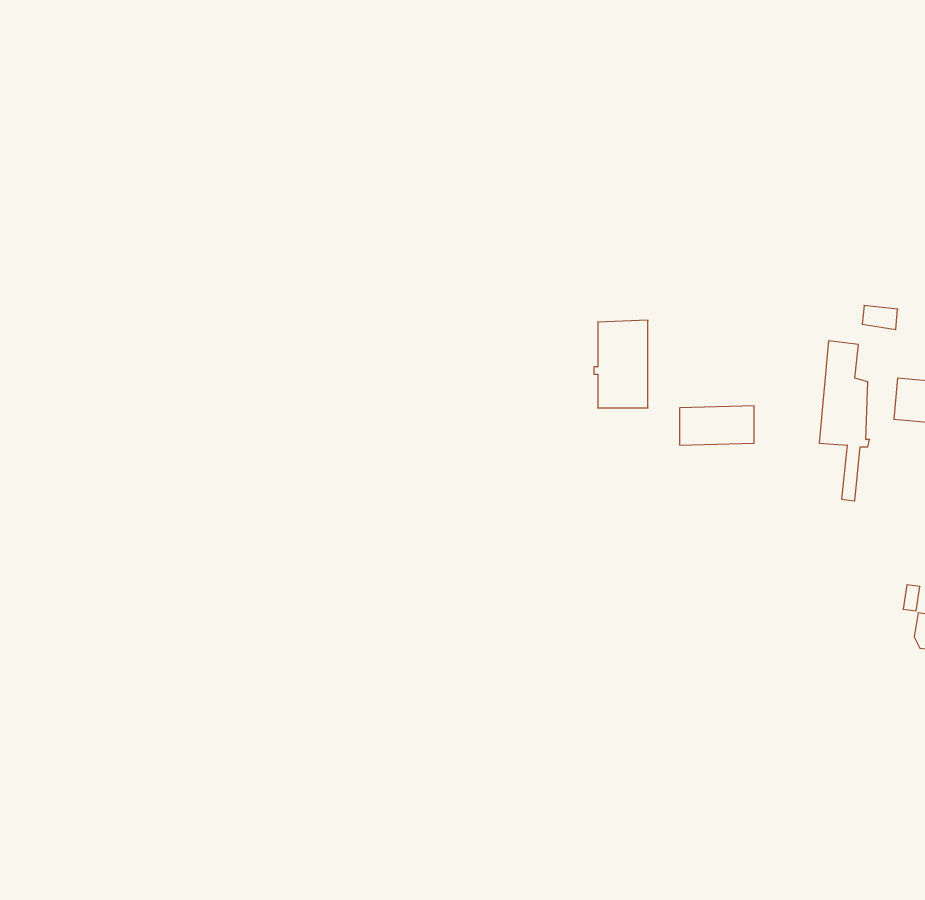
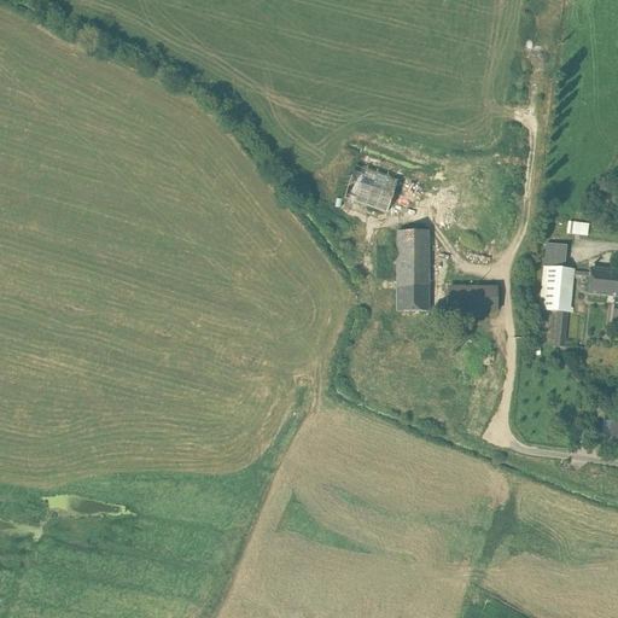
building: none -> [346,164,400,210]
building: none -> [398,285,431,309]

